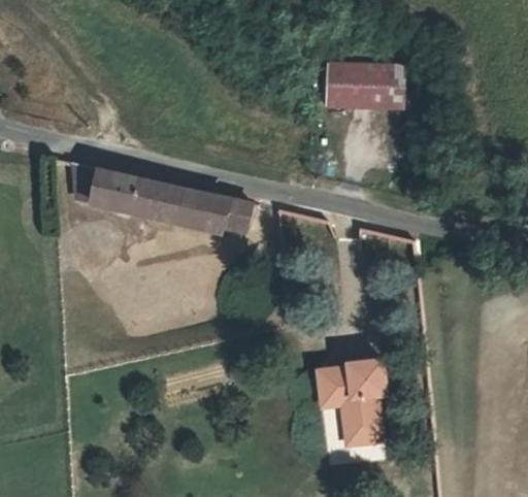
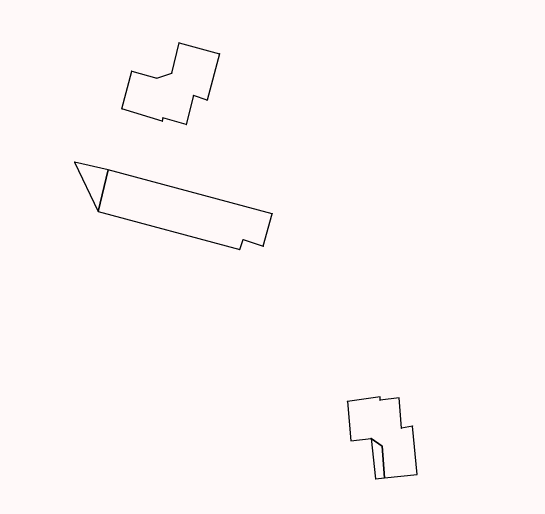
building: none -> [122,43,220,125]
building: [324,65,402,110] -> none

